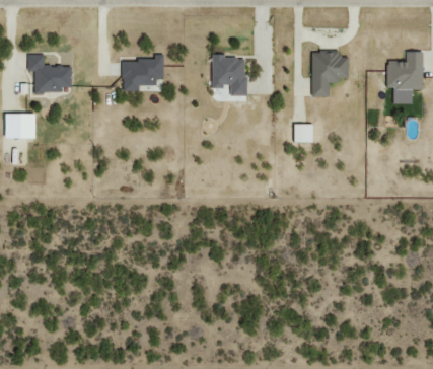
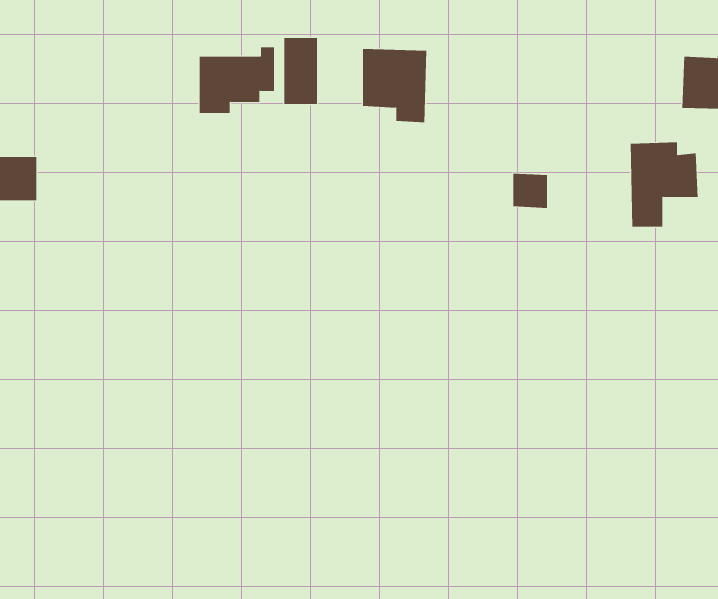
building: none -> [284,37,318,105]
building: [312,51,350,97] -> [630,142,698,227]
building: [28,54,72,93] -> none

